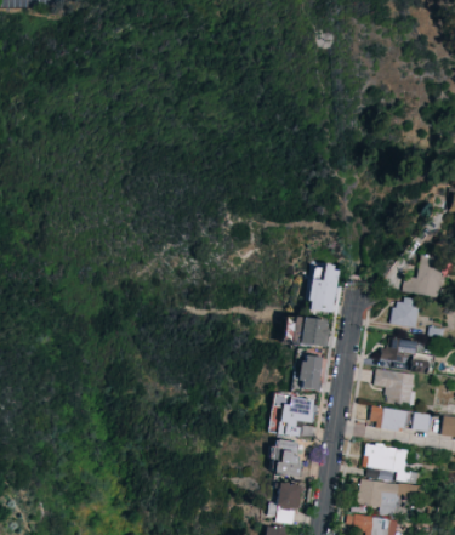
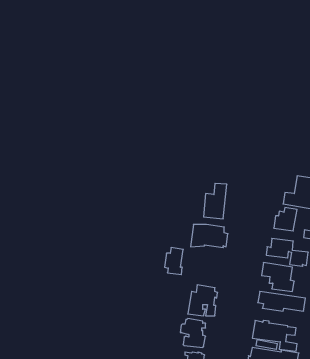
building: [298,355,323,391] -> [165,248,183,275]

